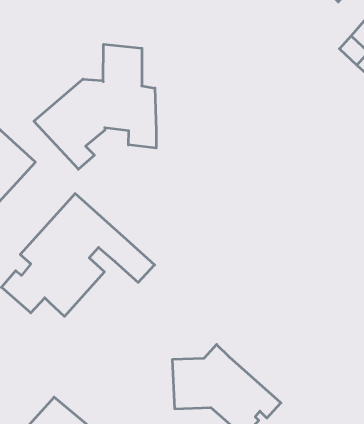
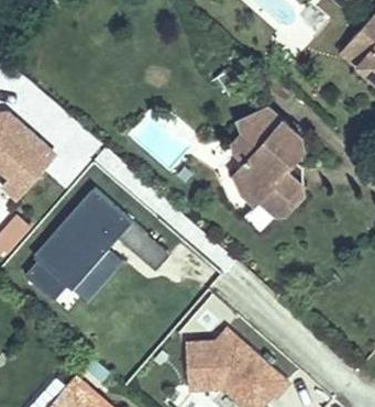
building: [34,44,156,169] -> none
building: none -> [230,108,305,216]

